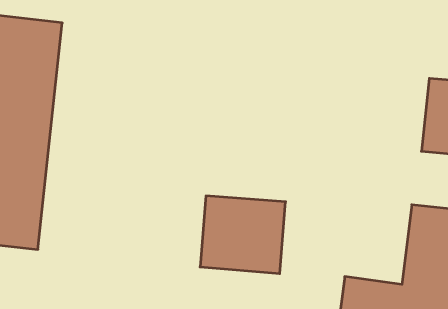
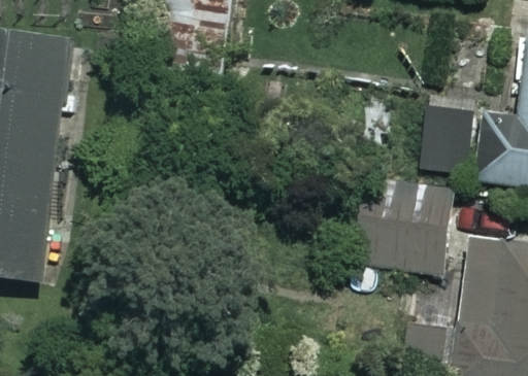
building: [200,196,286,274] -> [358,191,449,273]

